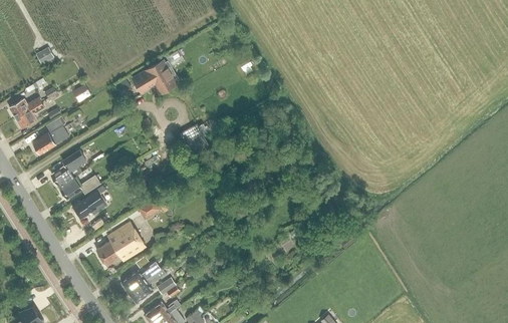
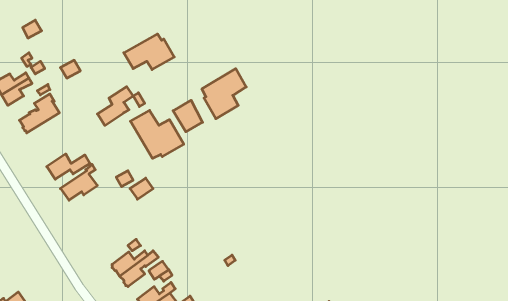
building: none -> [202,69,246,119]
building: none -> [130,110,184,158]
building: [51,149,85,187] -> [97,87,133,125]
building: [95,221,145,265] -> none

